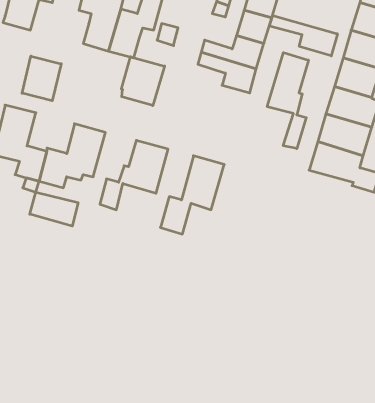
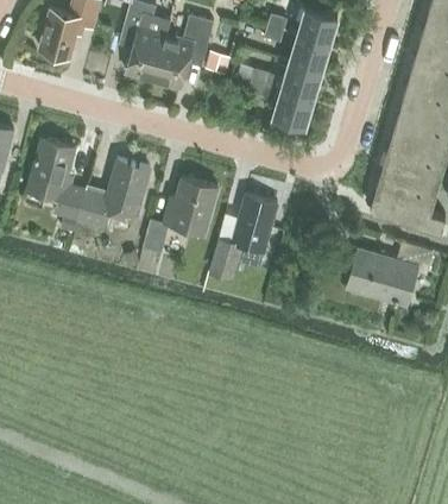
building: [269,16,337,56] -> none
building: [267,53,308,149] -> none
building: [22,56,61,101] -> none
building: [121,57,165,106] -> none
building: [30,192,78,226] -> none
building: none -> [347,242,434,305]

